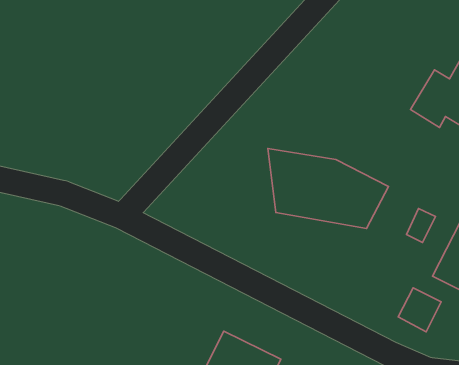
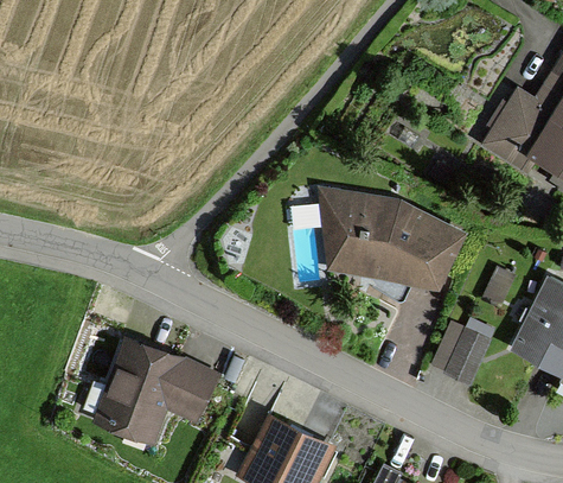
building: none -> [94,341,216,443]
building: [398,288,441,332] -> [433,330,484,382]

